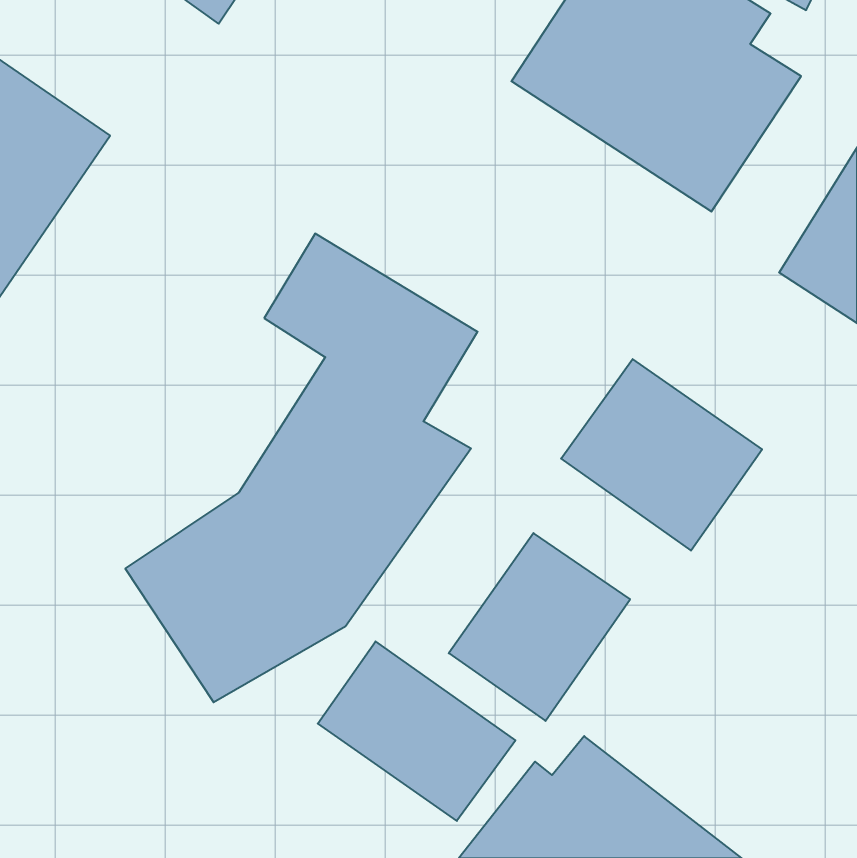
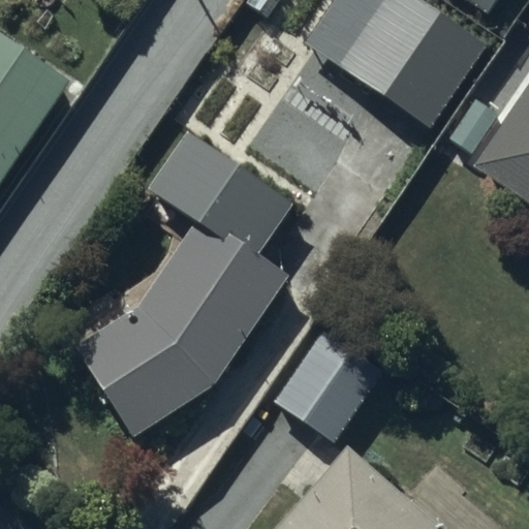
building: [561,359,762,551] -> none
building: [318,641,515,821] -> none

